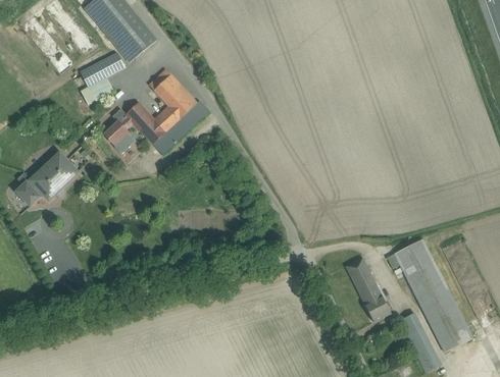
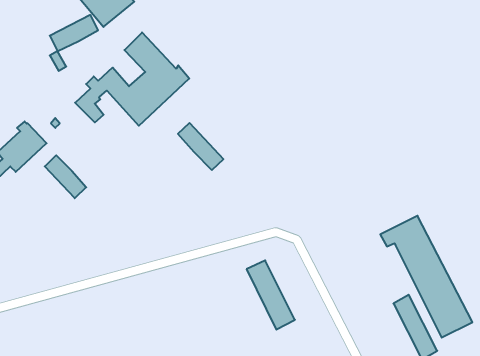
building: none -> [178,123,223,170]
building: none -> [45,155,86,198]
building: [345,257,390,321] -> [247,260,295,330]

